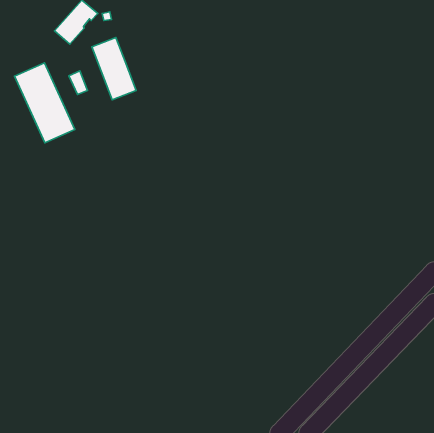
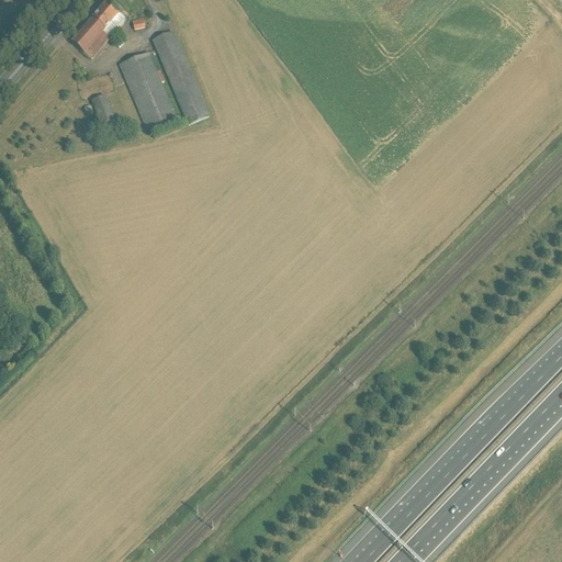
building: none -> [154,27,206,123]
building: [15,63,75,143] -> none

